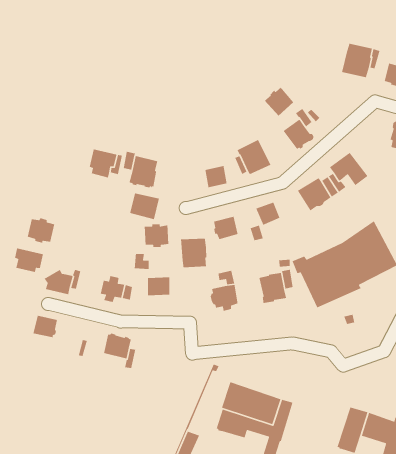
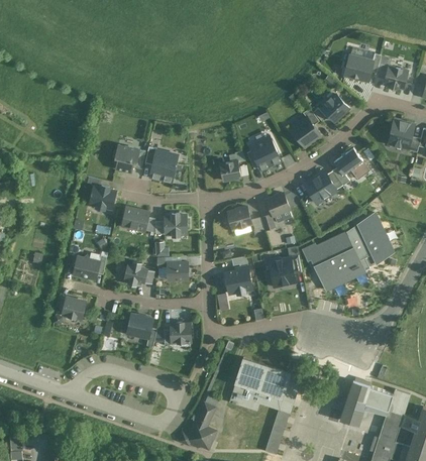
building: [264,87,294,116] -> [321,95,348,122]
building: [129,193,160,220] -> [120,206,148,231]
building: [27,217,55,244] -> [89,186,115,210]
building: [180,238,207,268] -> none
building: [14,247,44,273] -> none
building: none -> [170,323,191,343]

